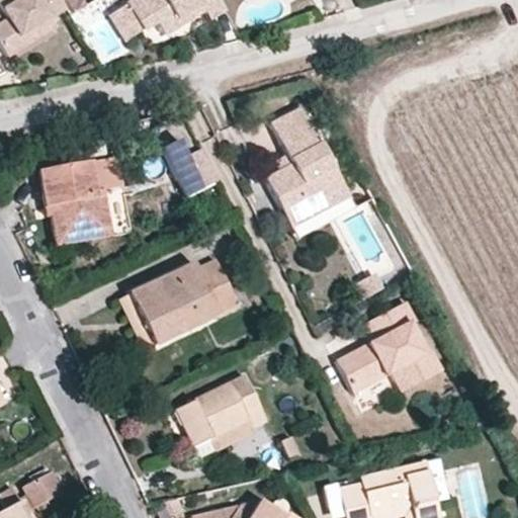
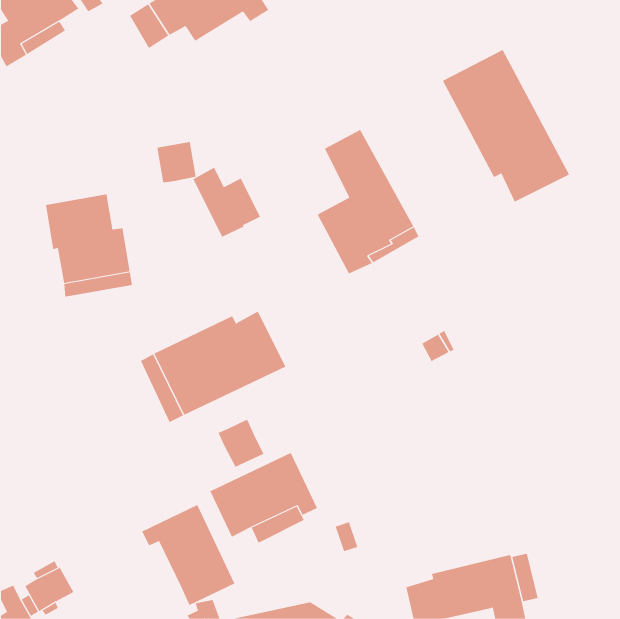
building: none -> [442,49,570,203]
building: [91,156,124,190] -> [156,141,197,183]
building: [338,301,441,393] -> none
building: none -> [218,419,264,468]
building: none -> [141,504,235,606]

